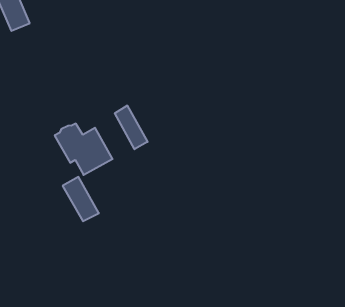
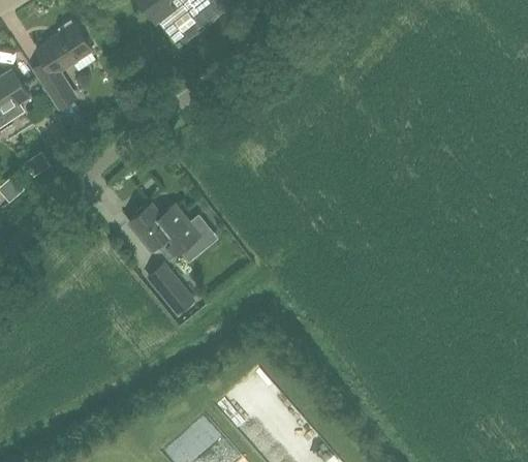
building: [115,105,148,149] -> none

